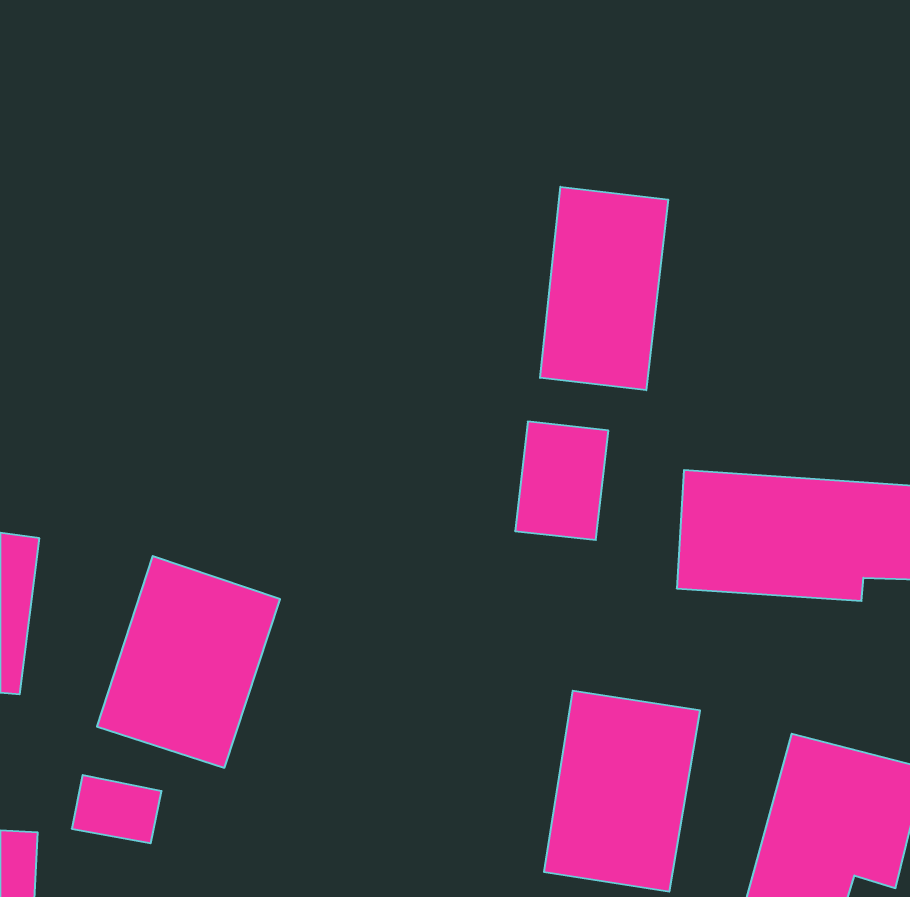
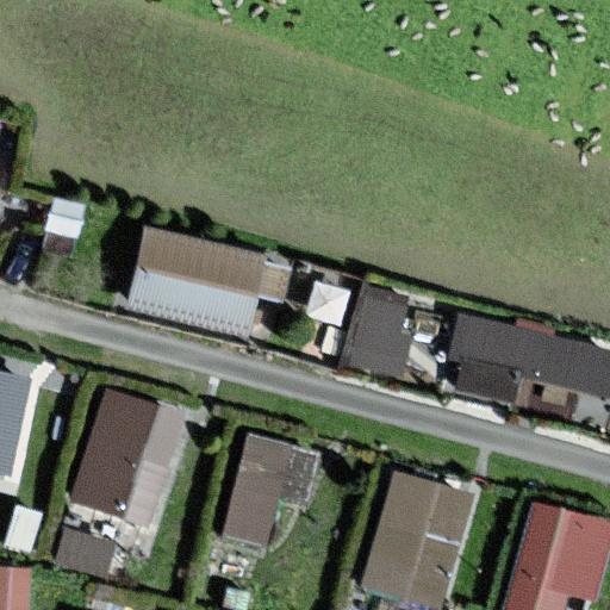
building: [540,187,668,390] -> none
building: none -> [132,245,285,343]
building: none -> [225,438,311,544]

